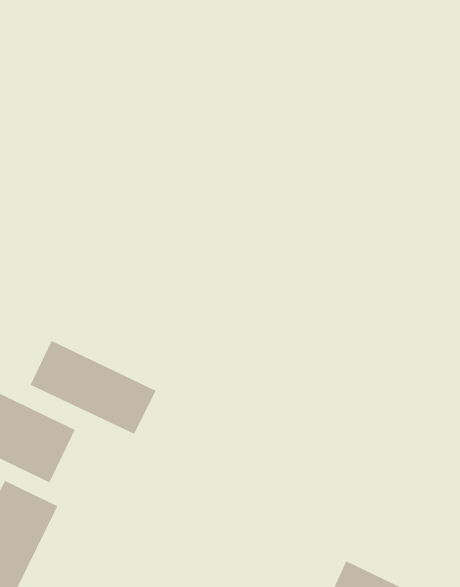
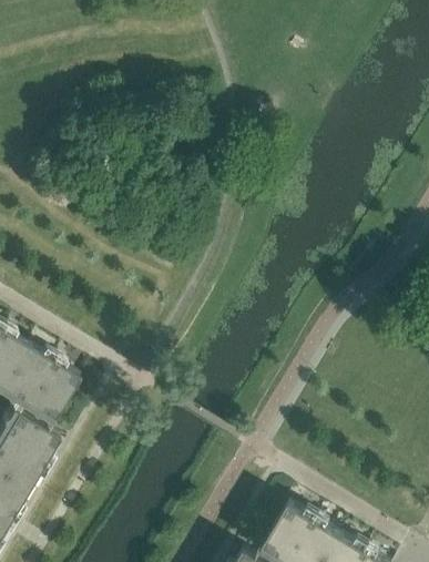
building: [30,340,157,435] -> none

